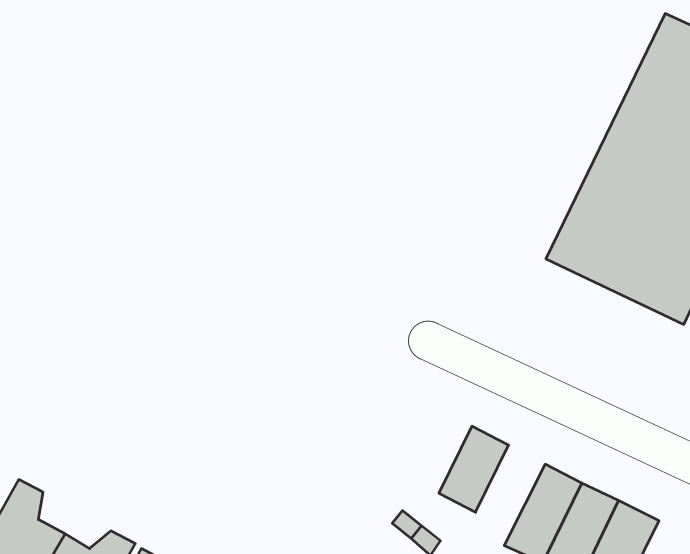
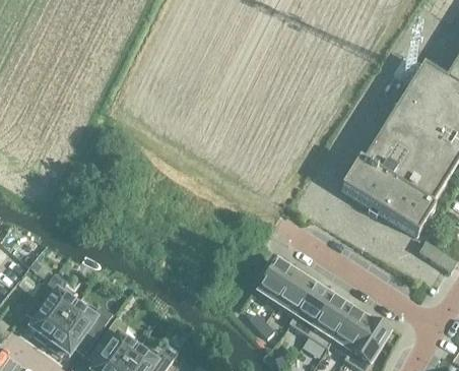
building: none -> [255,258,298,305]
building: none -> [289,284,334,336]

